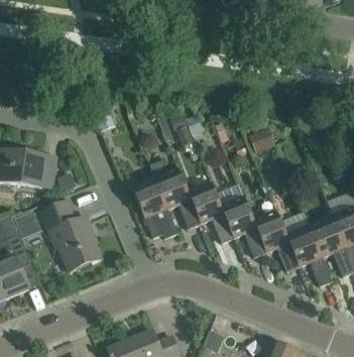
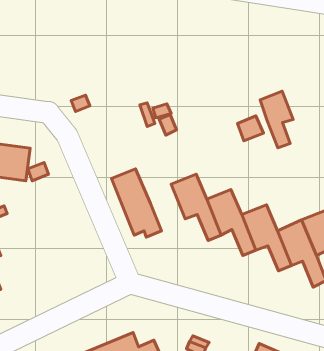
building: none -> [260,91,293,148]
building: [150,160,201,228] -> none
building: [41,201,102,272] -> none

